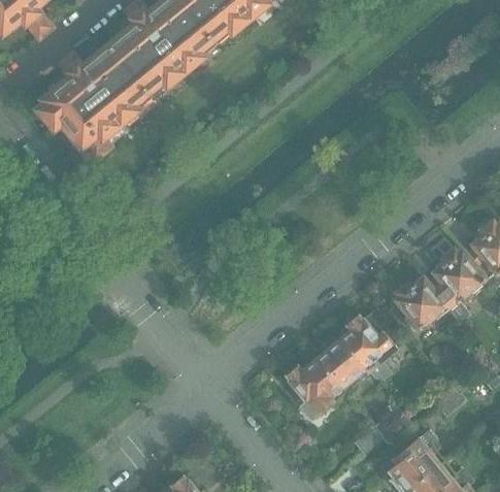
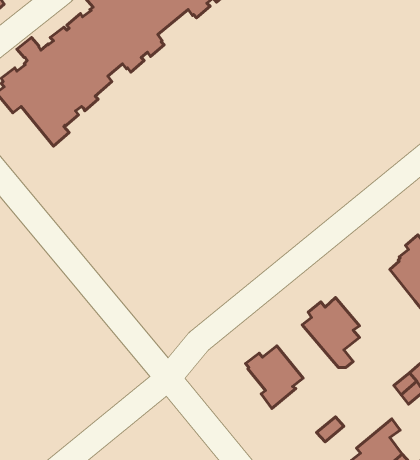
building: [389,278,451,334] -> none
building: [314,337,369,390] -> none

